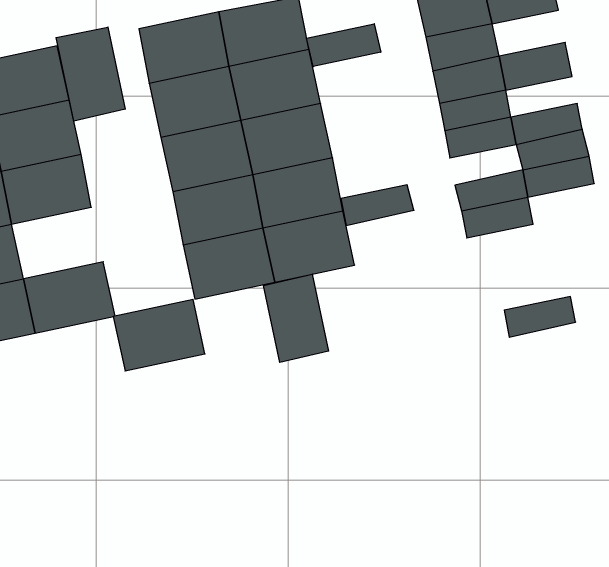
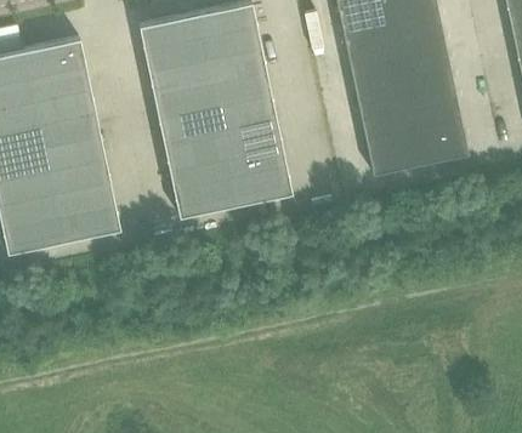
building: none -> [391,13,443,46]
building: [307,24,381,67] -> none
building: [56,27,125,121] -> none
building: none -> [401,61,452,90]
building: [341,185,414,226] -> [361,109,413,138]
building: [263,274,329,362] -> none
building: [504,297,576,337] -> [416,137,467,166]
building: [113,299,205,371] -> [47,154,113,205]

